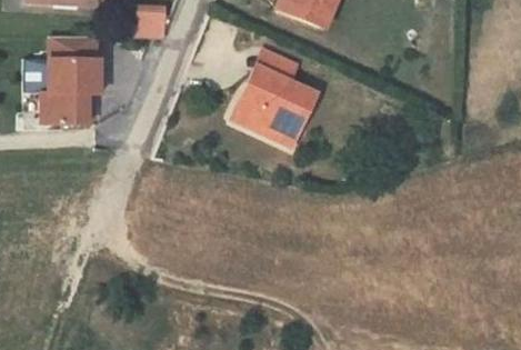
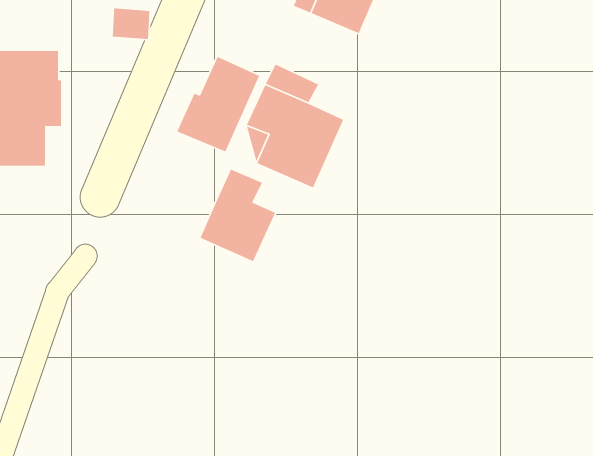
building: none -> [176,56,260,153]
building: none -> [199,169,276,262]

